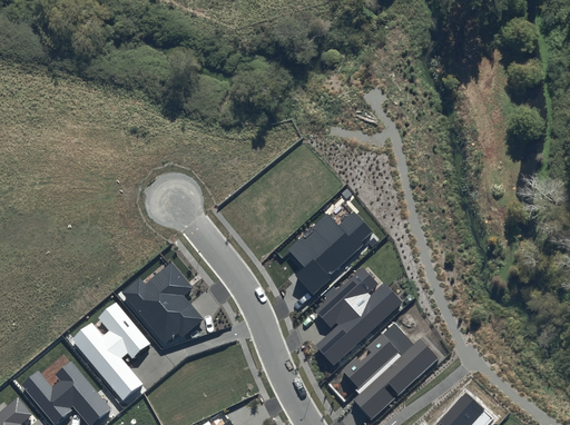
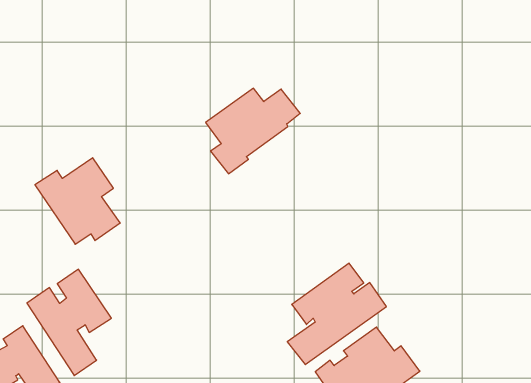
building: [286,211,372,295] -> [206,88,300,174]
building: [120,261,203,343] -> [35,158,120,244]

